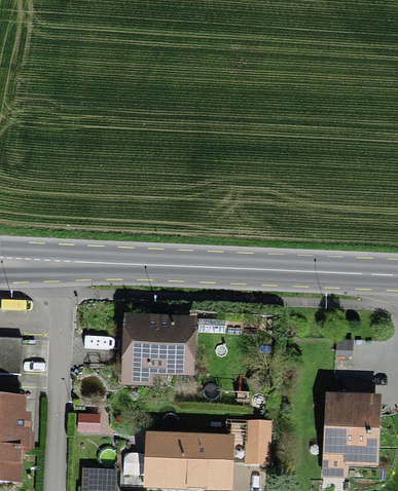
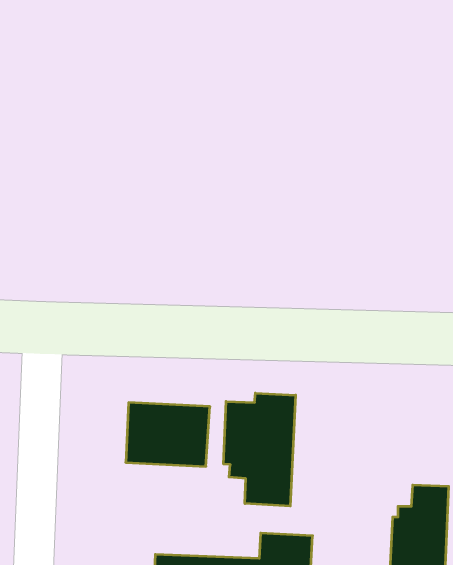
building: none -> [224,393,296,506]

